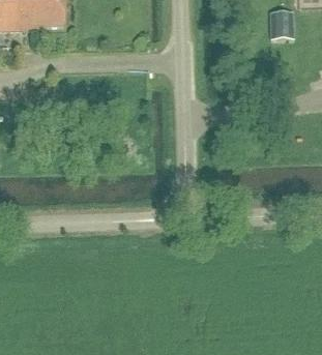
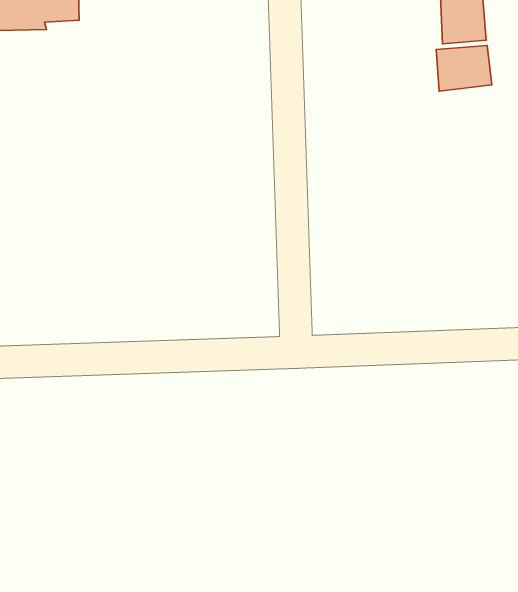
building: none -> [436,46,492,91]

